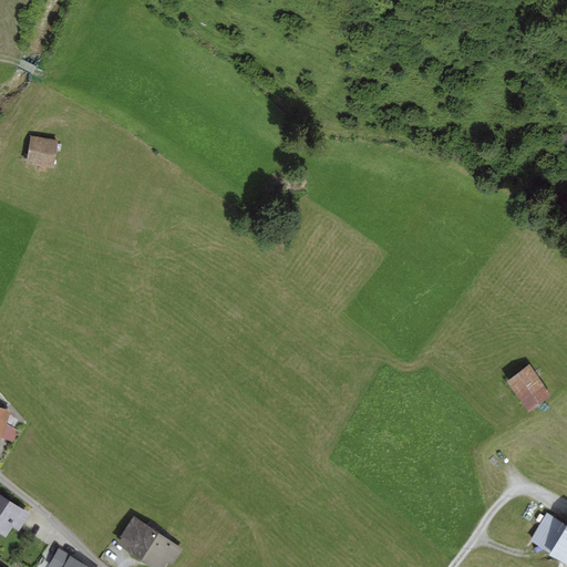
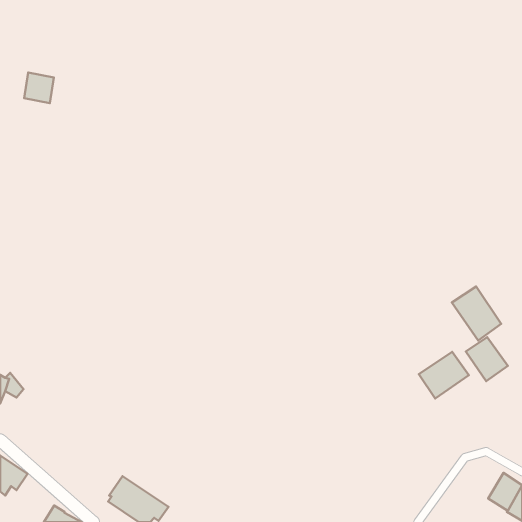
building: [25,135,58,168] -> [24,72,54,103]
building: none -> [452,287,501,341]
building: none -> [419,352,469,399]

